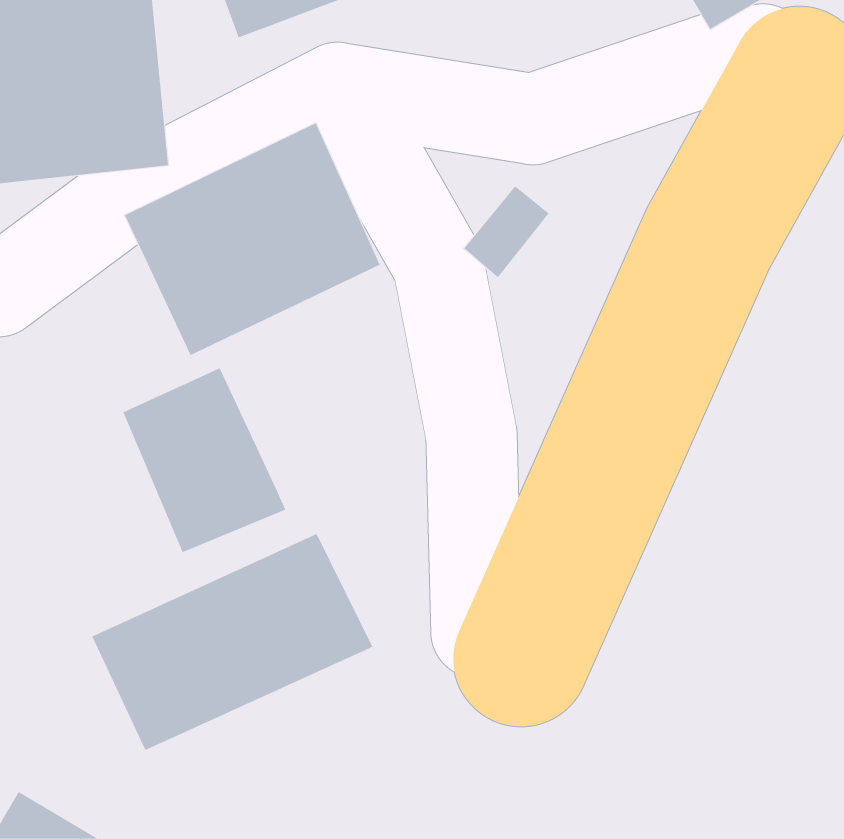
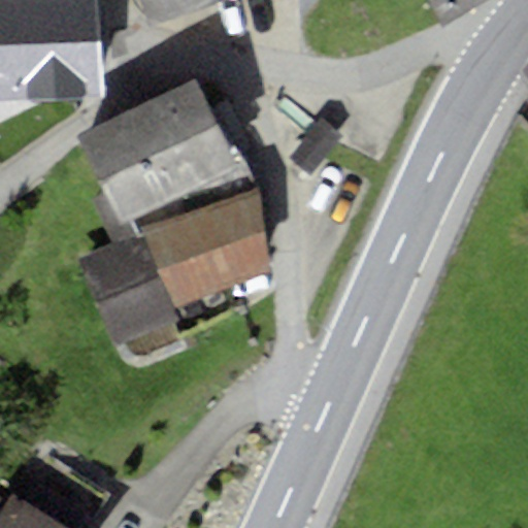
building: none -> [140,185,271,303]
building: [92,533,373,751] -> none

